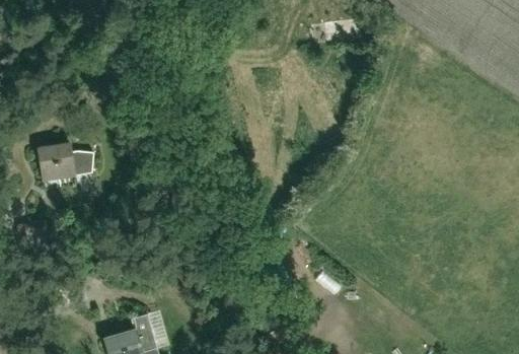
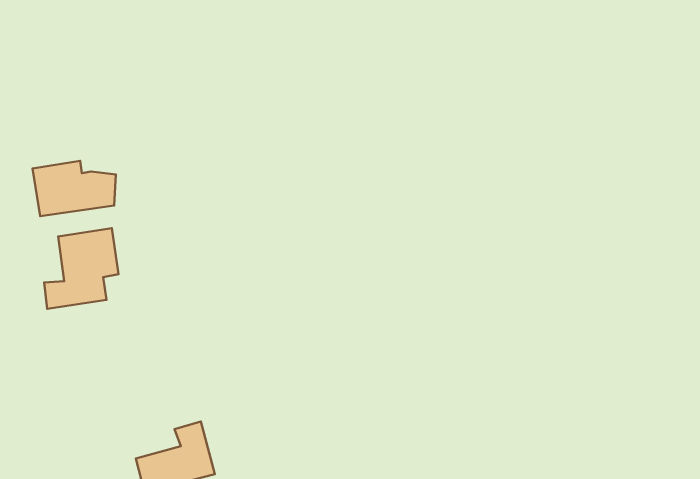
building: none -> [44,228,119,309]

